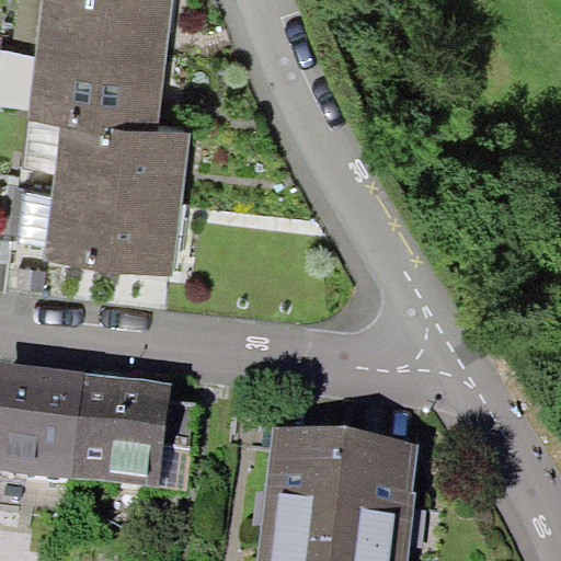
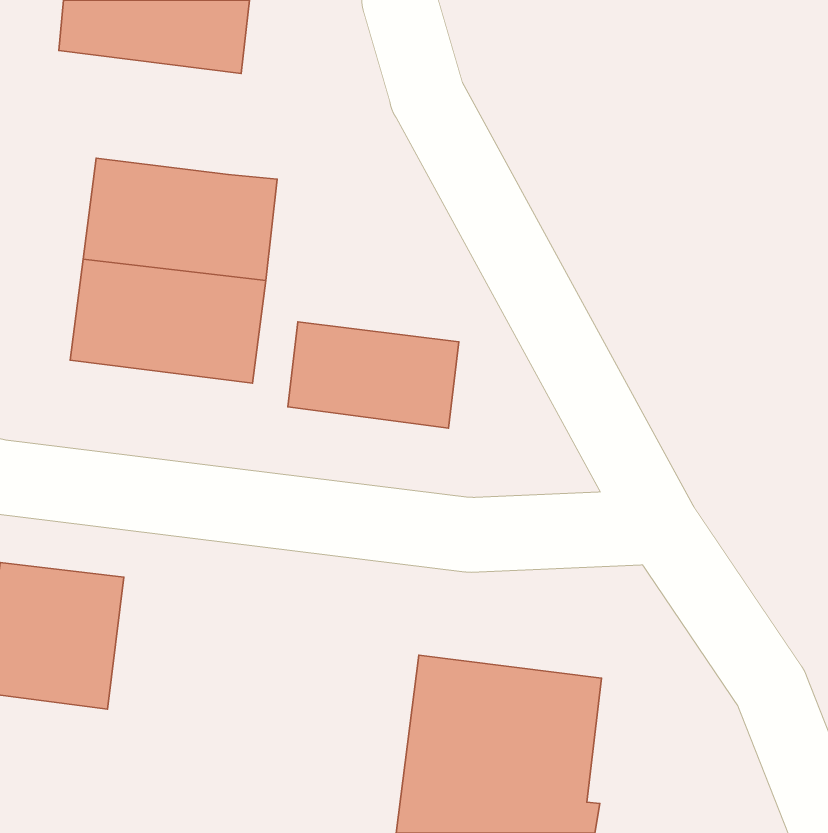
building: [32,34,162,117] -> none
building: none -> [288,322,459,428]
building: [72,388,194,486] -> none

